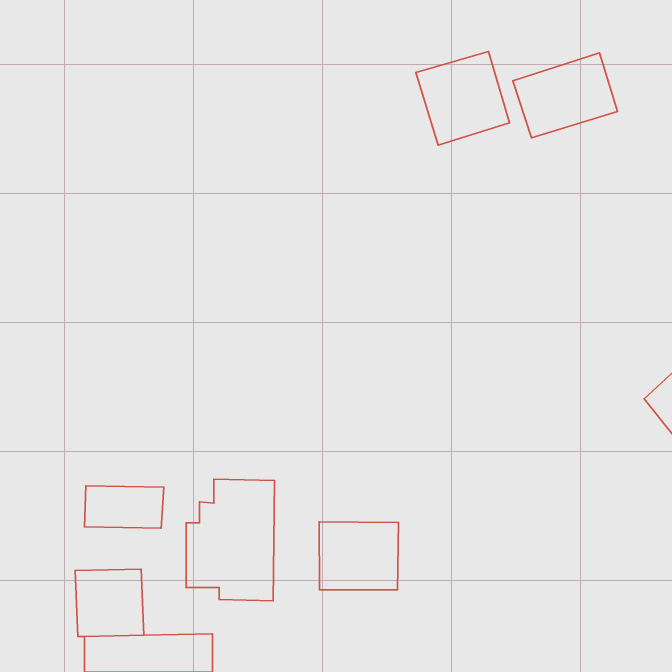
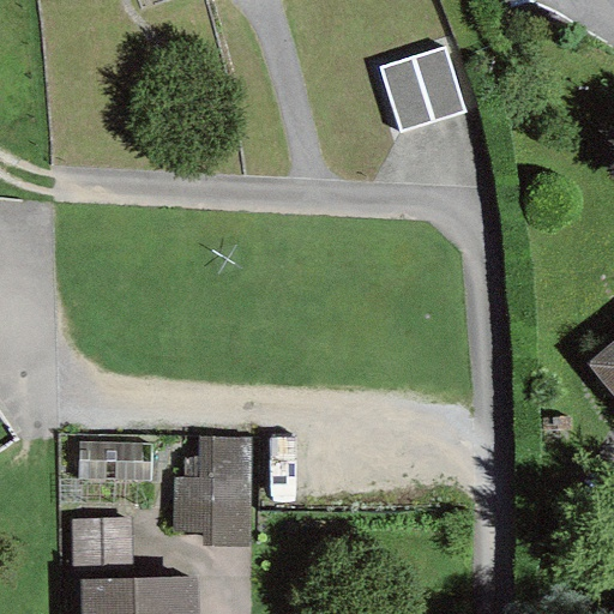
building: [513,53,618,138] -> none
building: [319,522,399,590] -> none

